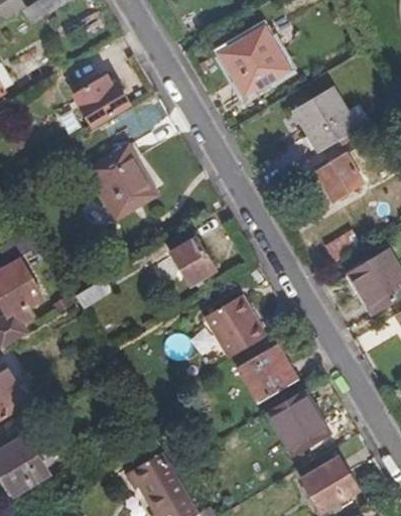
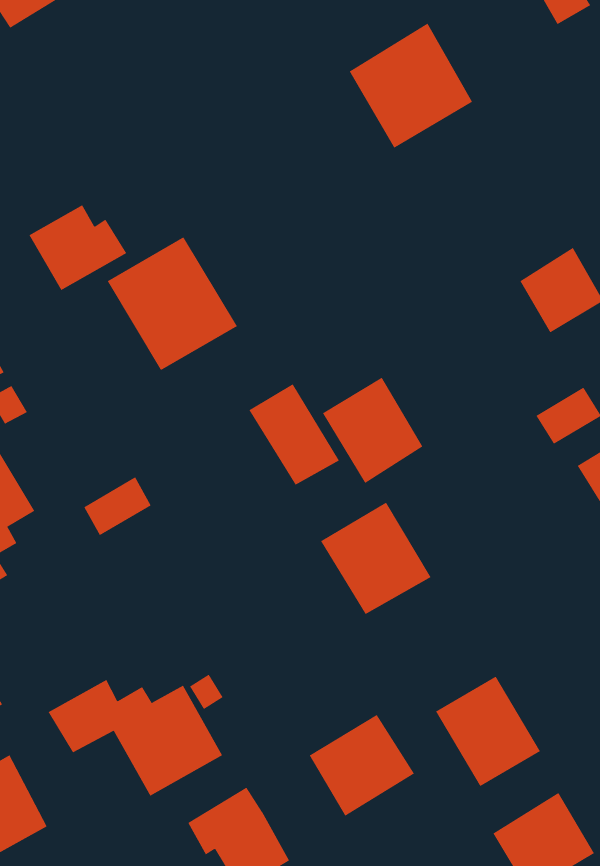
building: [74,78,129,126] -> [29,205,127,291]
building: [293,86,356,150] -> none
building: none -> [322,377,423,484]
building: [238,344,297,401] -> [309,714,415,816]
building: none -> [48,679,223,797]

